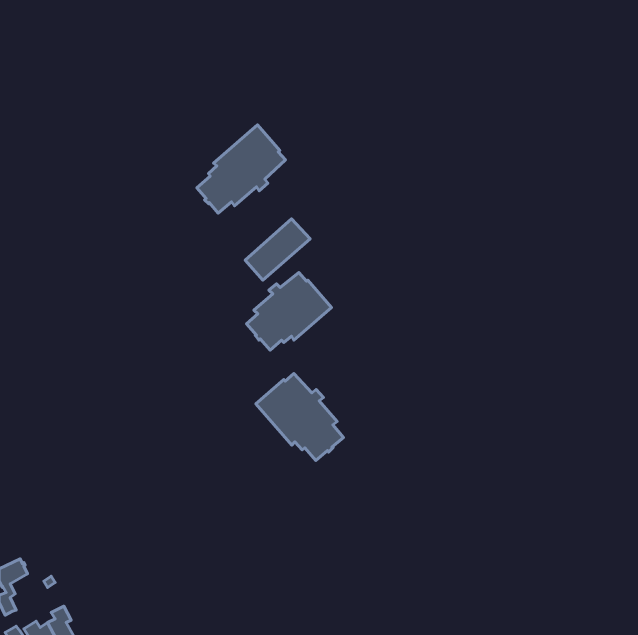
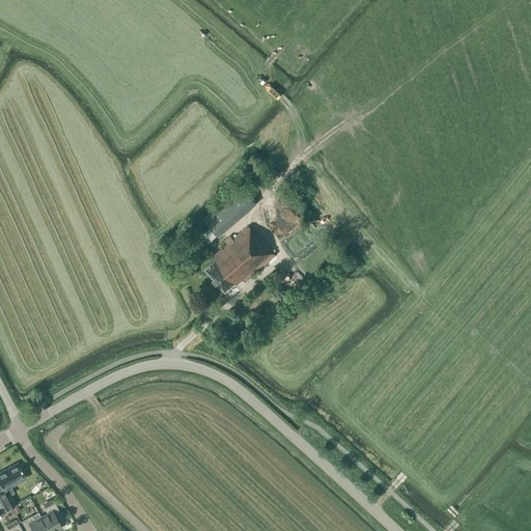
building: [197,125,285,213] -> none
building: [256,373,344,460] -> none

